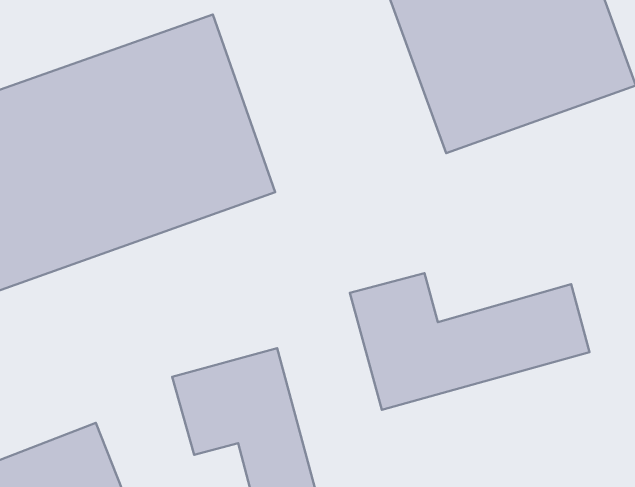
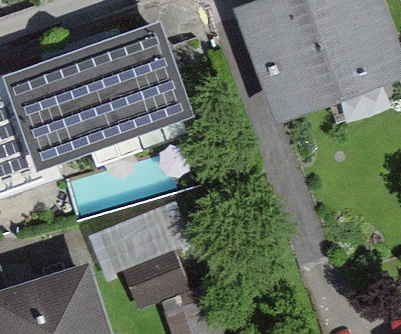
building: [350,273,590,410] -> none

